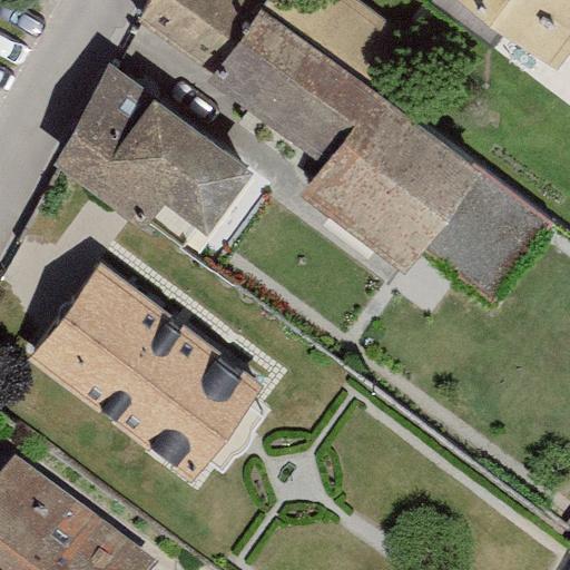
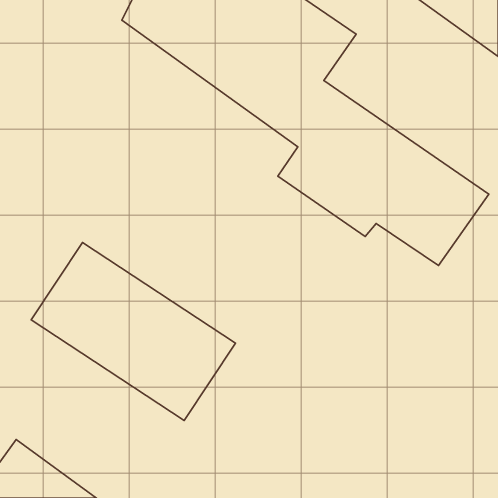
building: [63,77,257,249] -> none

